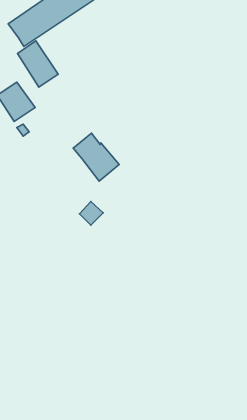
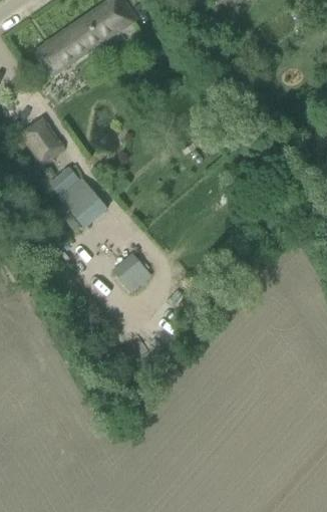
building: [18,41,58,87] -> none
building: [73,133,119,181] -> [49,168,102,223]

